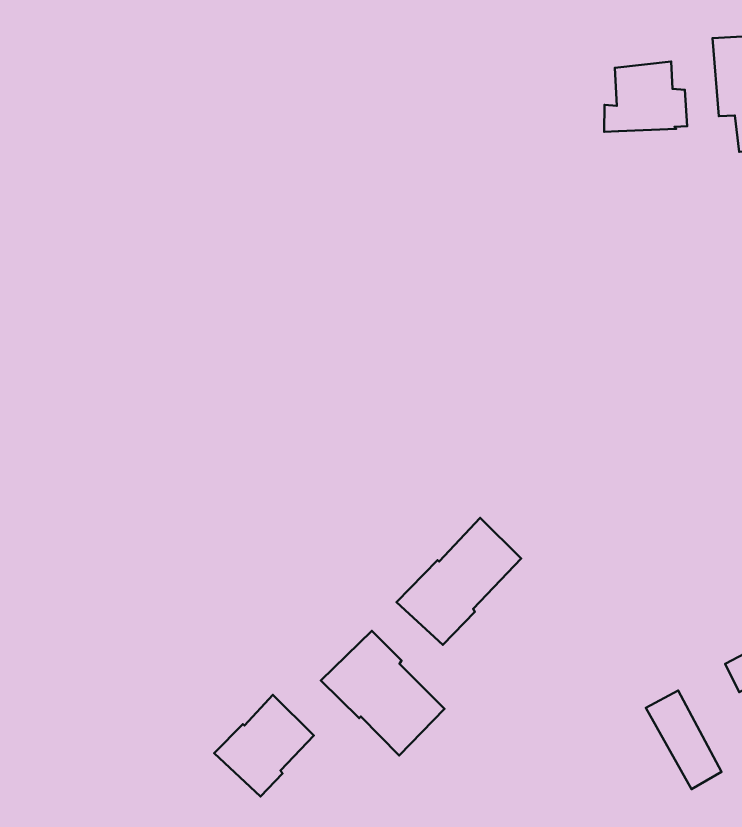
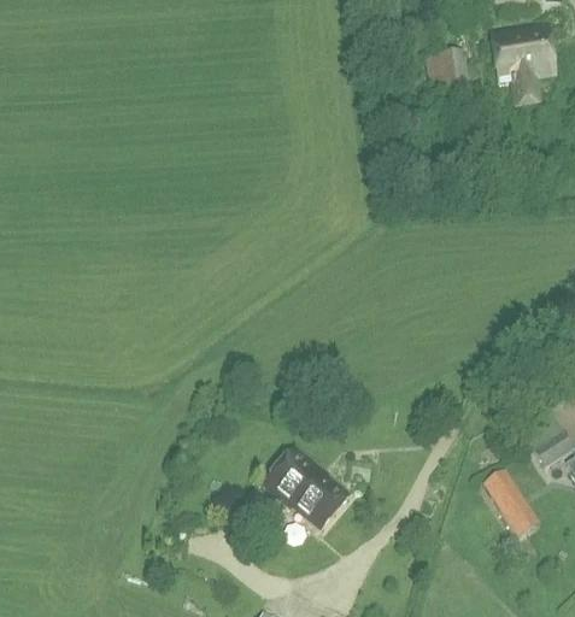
building: [396,518,521,645] -> none
building: [214,695,314,797] -> none

